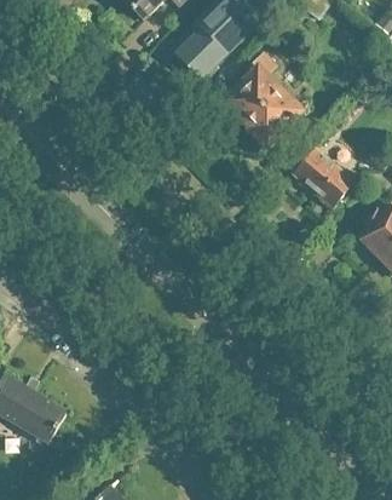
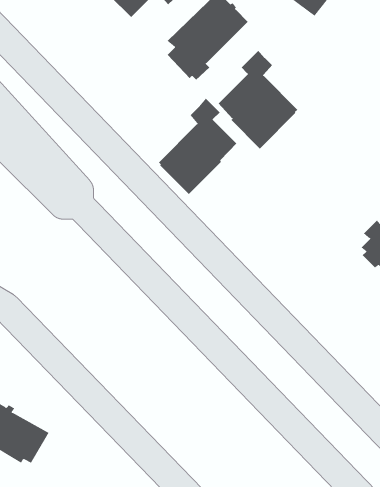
building: none -> [158,98,237,195]
building: [294,149,354,207] -> none

